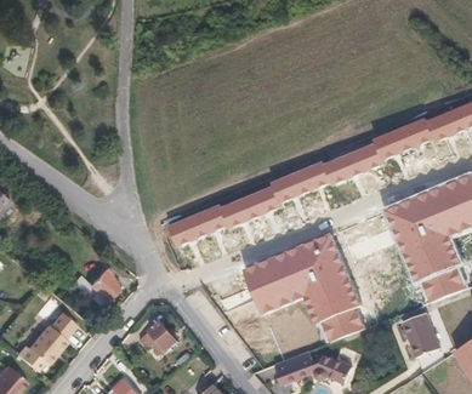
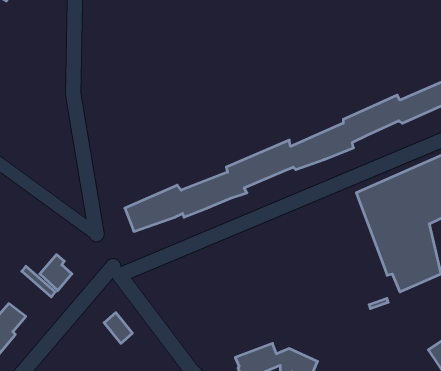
building: [244,233,364,342] -> none
building: [400,313,437,358] -> none

